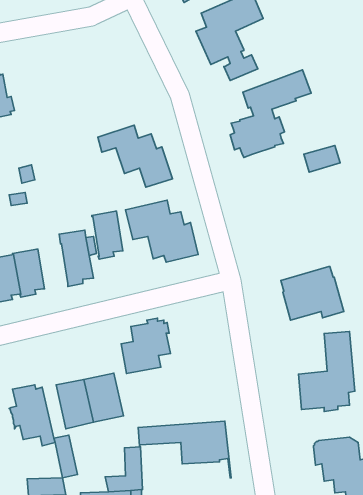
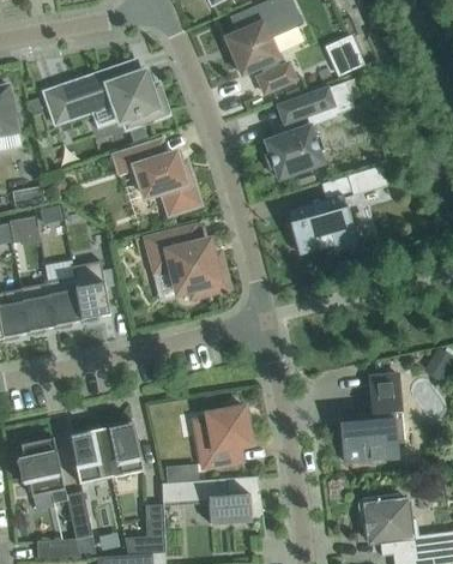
building: none -> [325,36,363,74]
building: none -> [44,62,165,140]
building: [92,211,123,259] -> [46,276,80,330]
building: [281,267,344,320] -> [286,194,357,254]
building: [121,318,170,374] -> [195,404,250,467]

